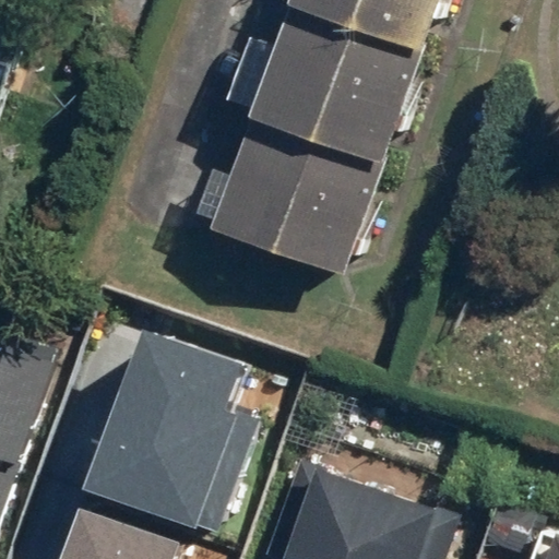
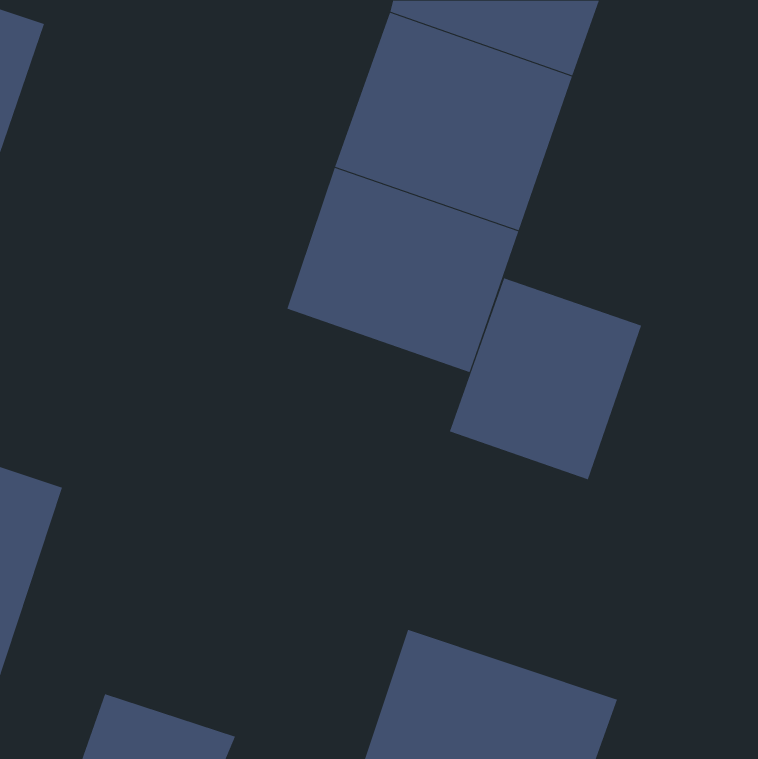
building: none -> [449,278,642,480]
building: [83,328,249,532] -> none

